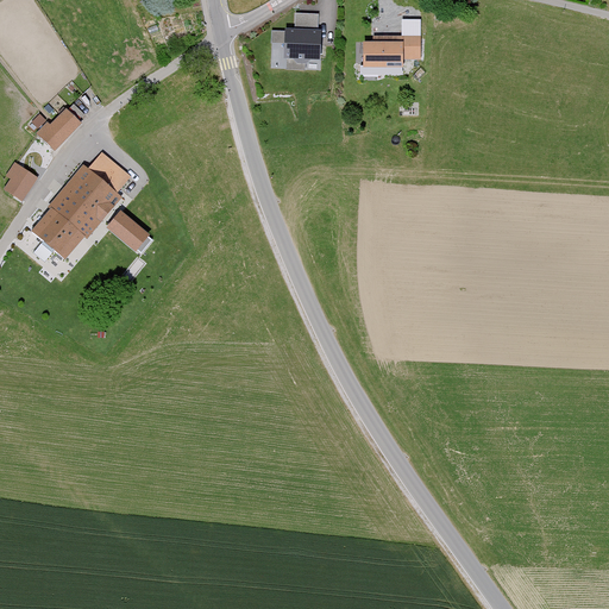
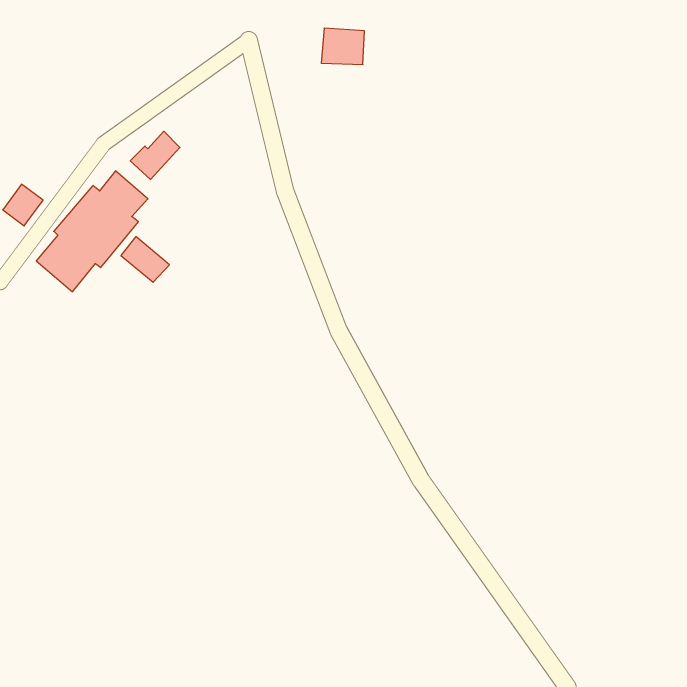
building: [358,38,416,70] -> none
building: [37,108,81,151] -> [130,131,180,180]

